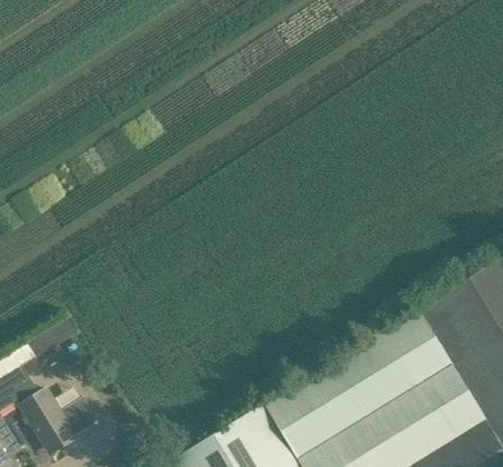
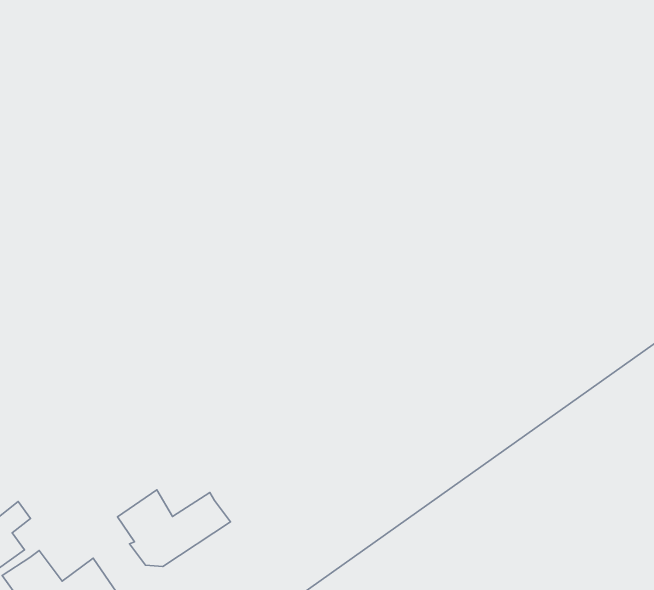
building: none -> [118,490,230,567]

